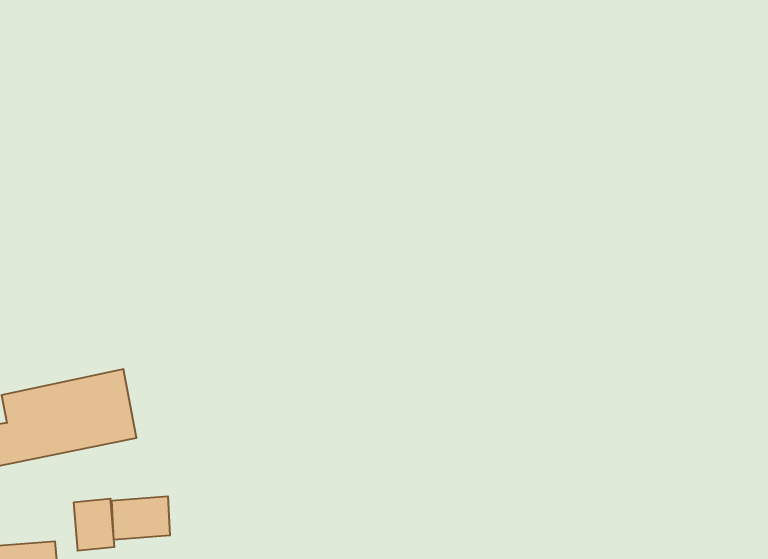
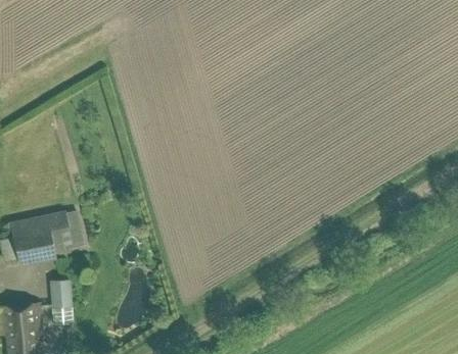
building: [112,496,170,540] -> none

